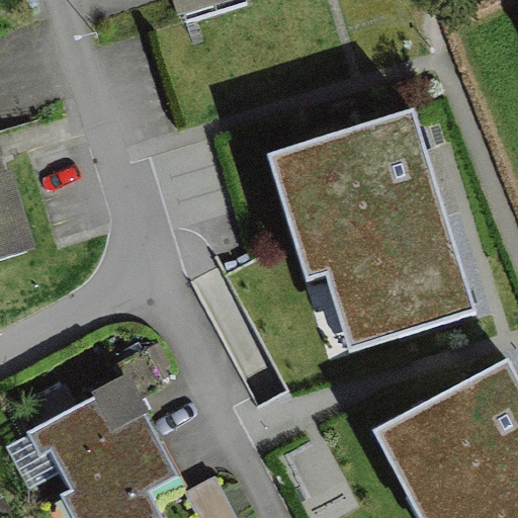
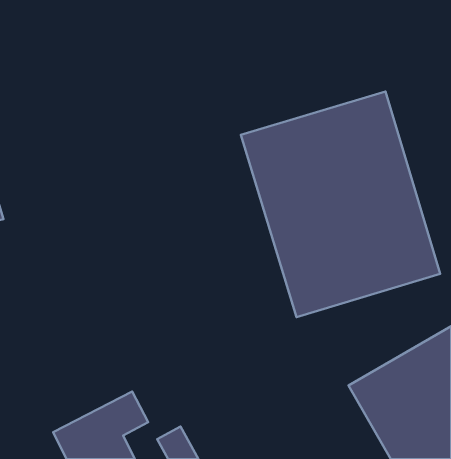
building: [8,361,153,487] -> none

